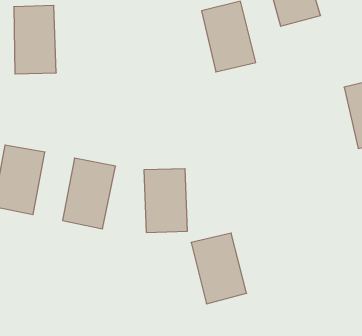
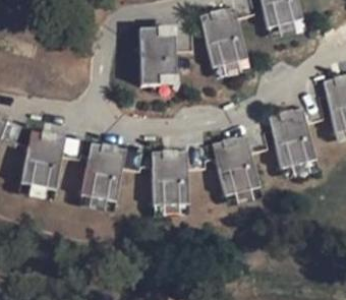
building: [14,6,56,74] -> [139,28,176,87]
building: none -> [269,109,315,170]
building: [191,233,247,304] -> [212,136,260,197]

